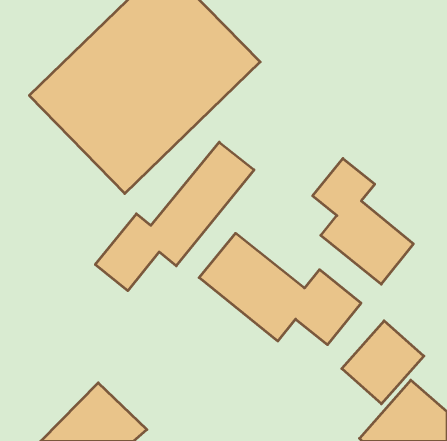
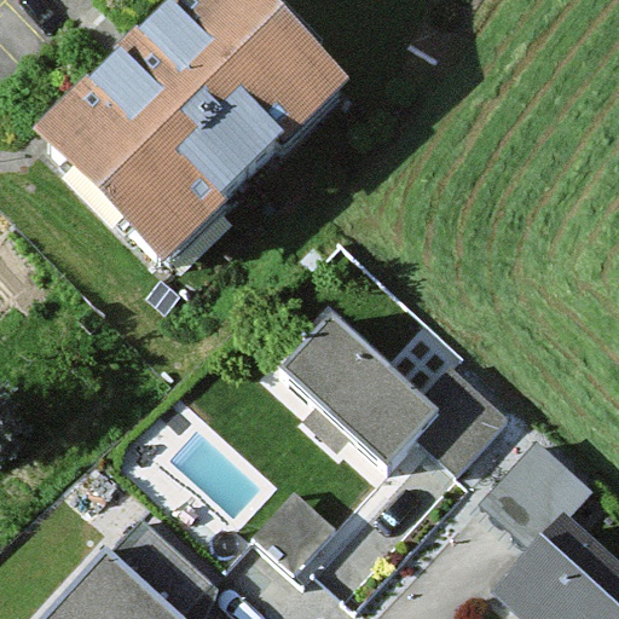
building: [95,142,254,291] -> none
building: [313,158,413,284] -> none

